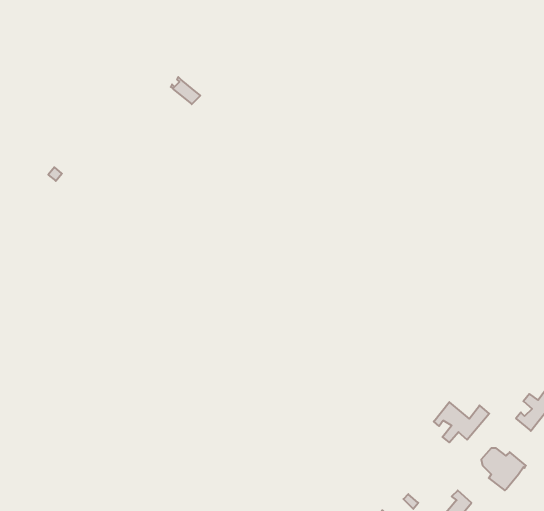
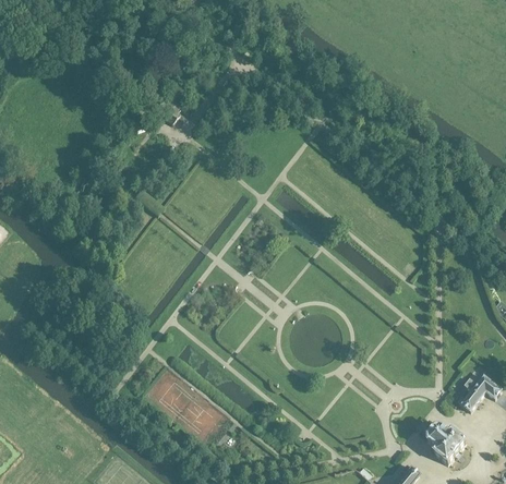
building: [434,402,489,442] -> none

